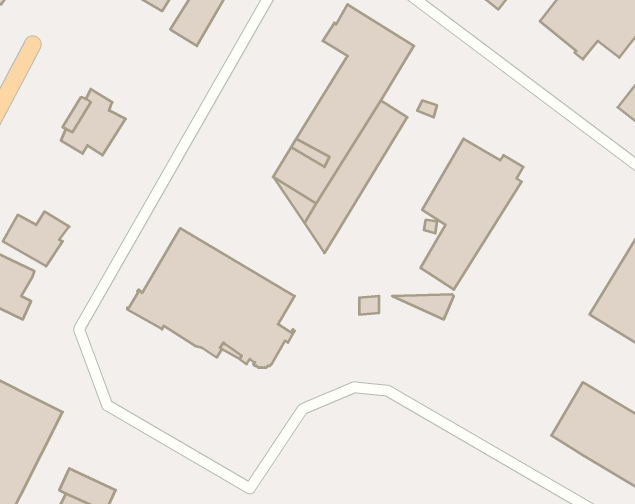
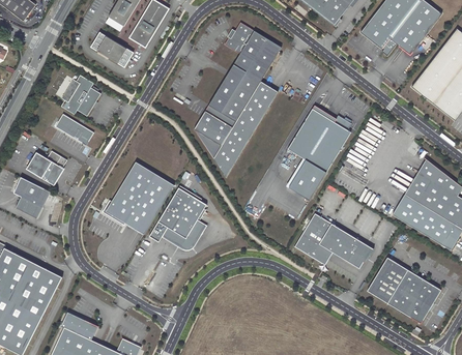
building: none -> [91,32,134,67]
building: none -> [55,114,93,146]
building: none -> [295,213,374,268]

